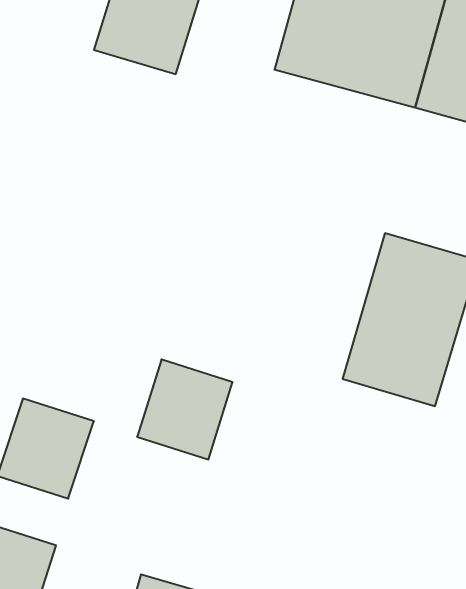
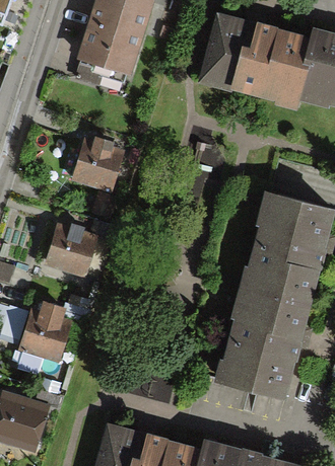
building: none -> [61,131,126,198]
building: [137,359,233,460] -> [38,219,102,286]
building: none -> [214,287,306,403]

